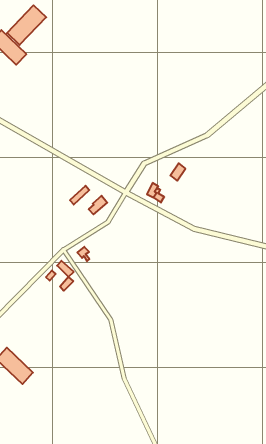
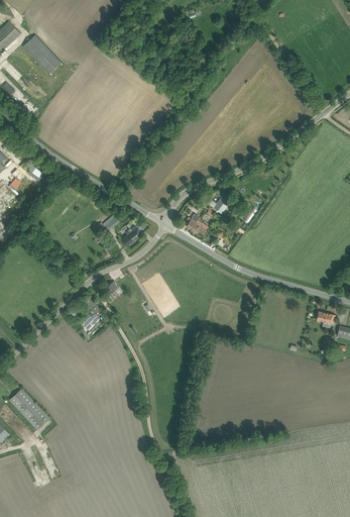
building: [7,5,46,45] -> none

